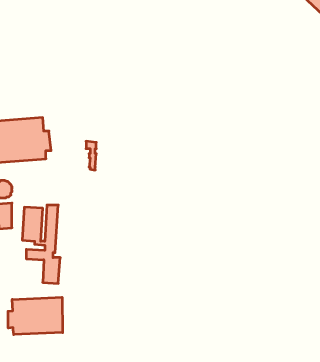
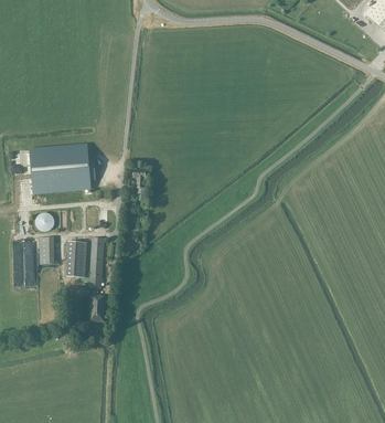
building: [8,297,63,335] -> none

